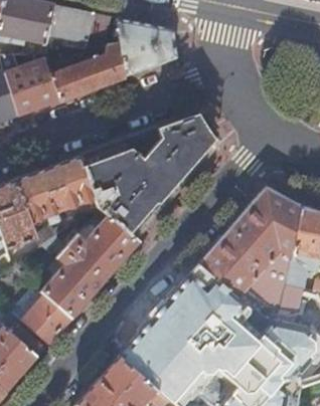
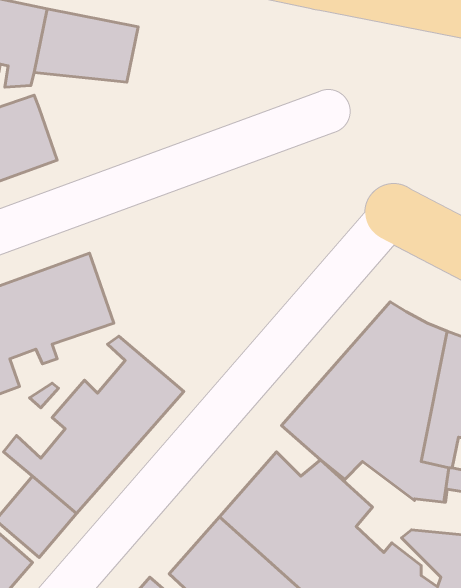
building: [48,18,175,99] -> none
building: [79,115,214,236] -> none

